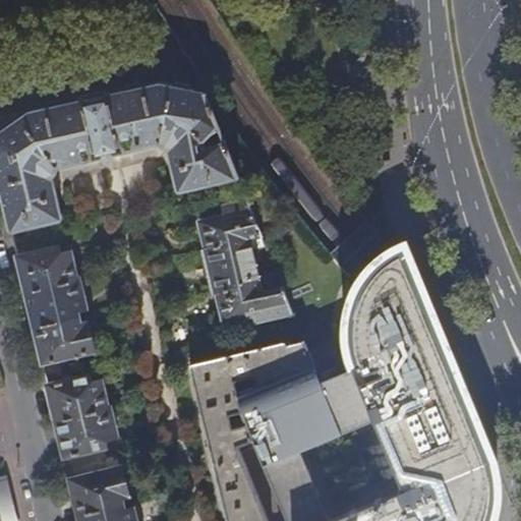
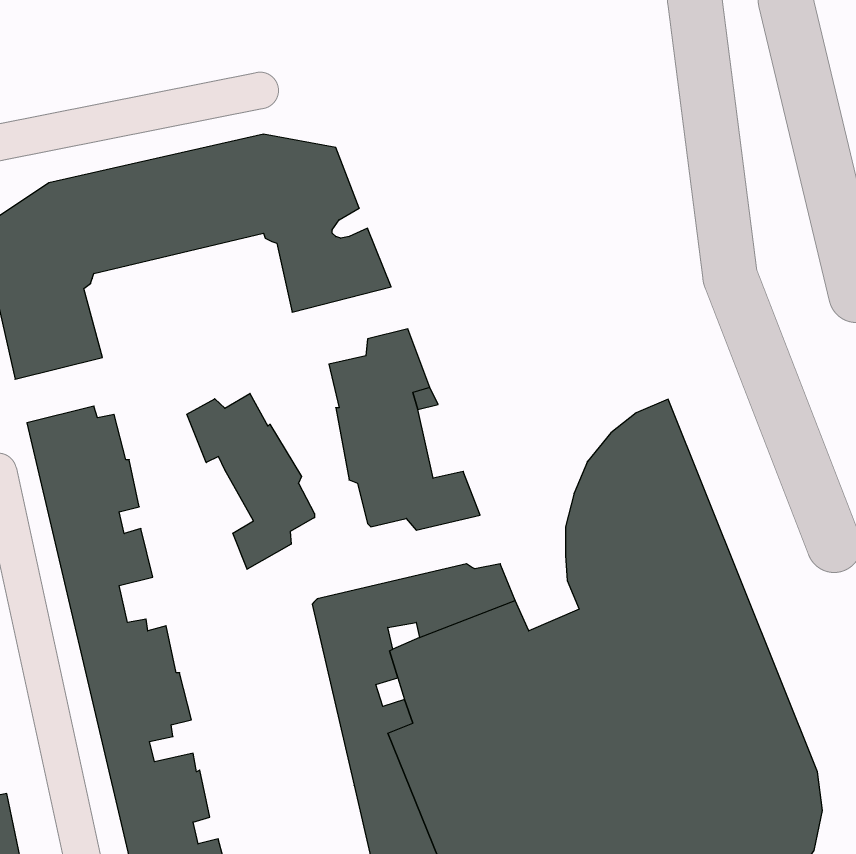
building: none -> [187,393,315,569]

